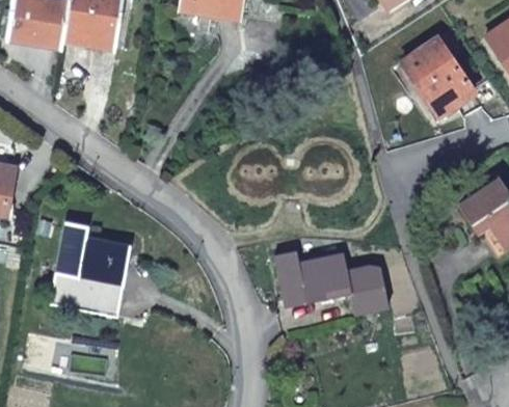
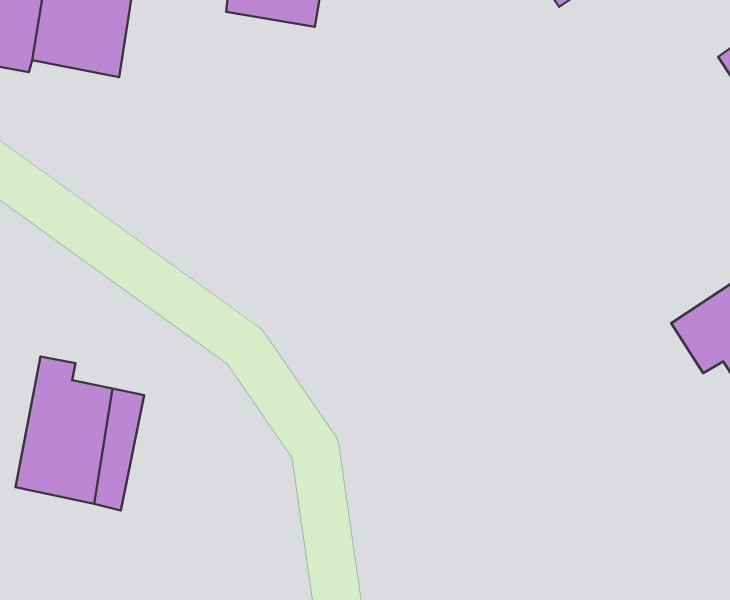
building: [402,38,475,115] -> none
building: [275,252,390,315] -> none

